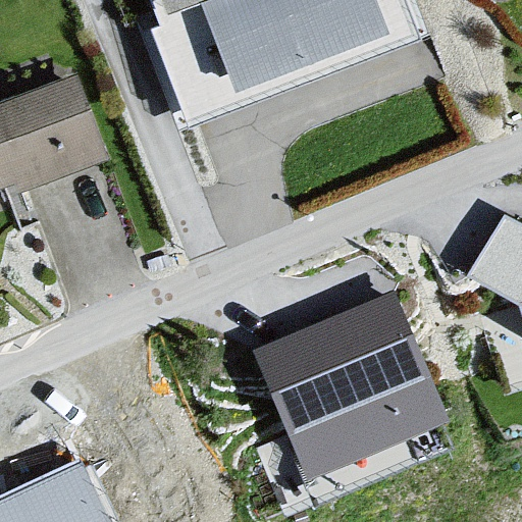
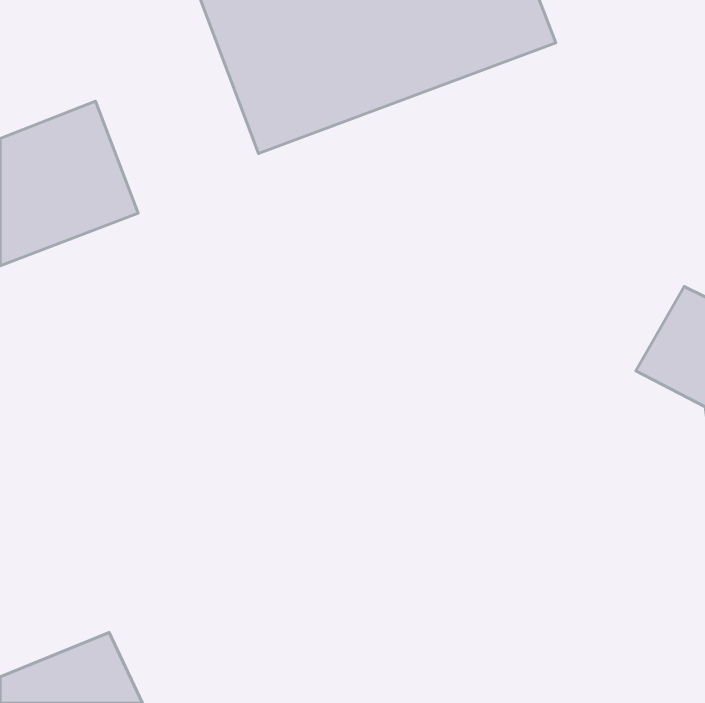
building: [264,297,439,468] -> none

